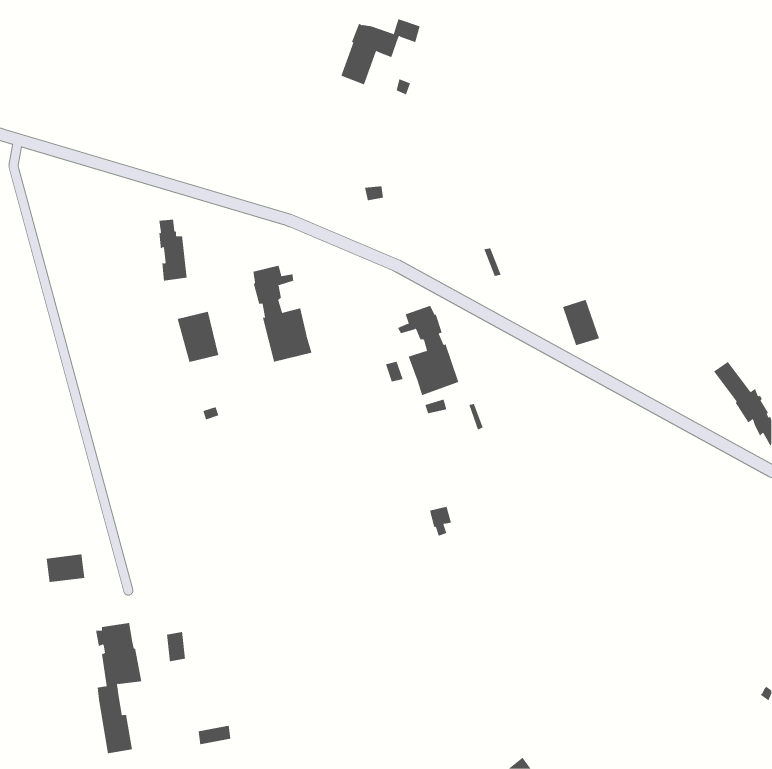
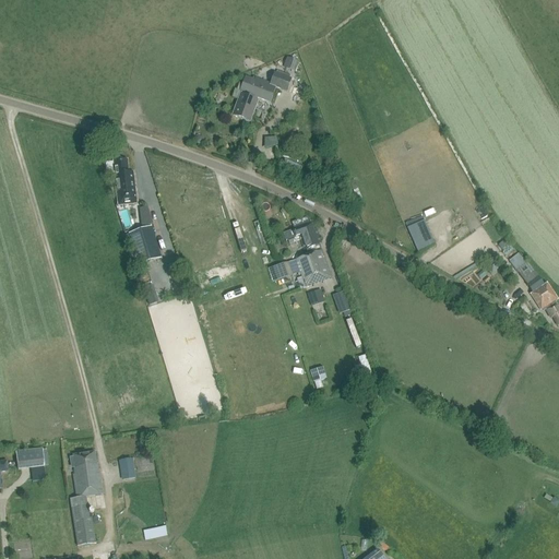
building: [340,19,420,85] -> [233,72,290,120]
building: [253,265,312,362] -> none
building: [46,554,85,583] -> [15,447,44,467]

